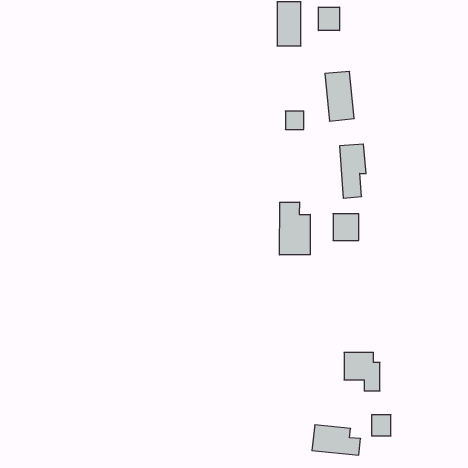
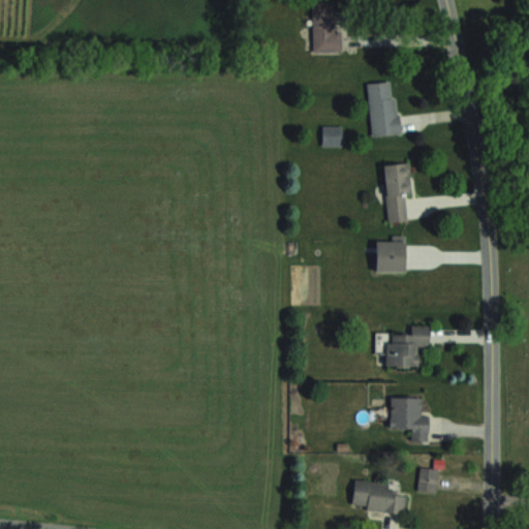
building: [318,7,339,31] -> none
building: [279,202,310,255] -> none
building: none -> [386,326,430,369]

